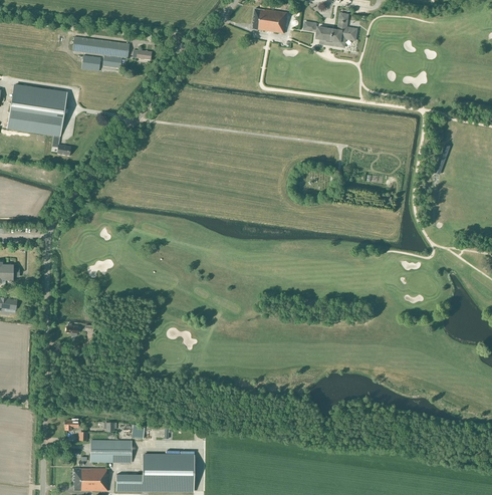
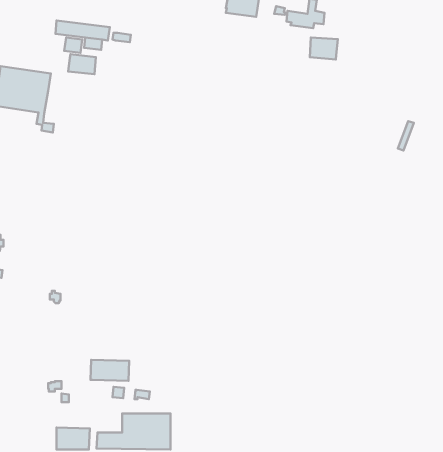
building: none -> [310,38,338,59]
building: none -> [68,54,96,74]
building: [90,441,132,463] -> [90,360,129,381]

